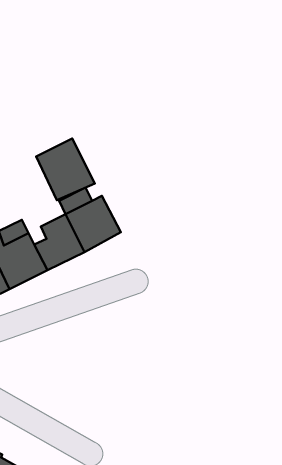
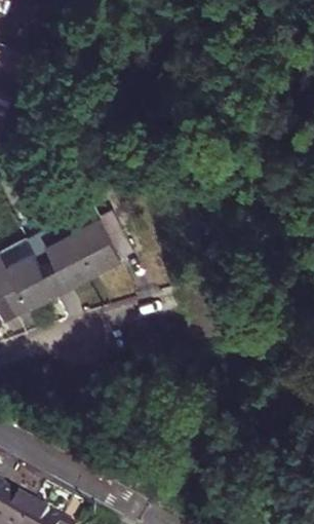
building: [36,138,95,200] -> none

